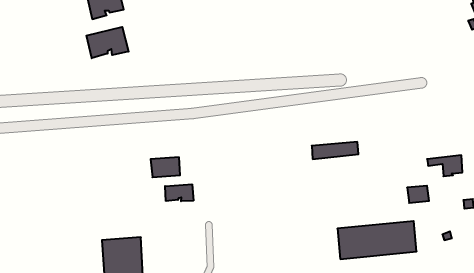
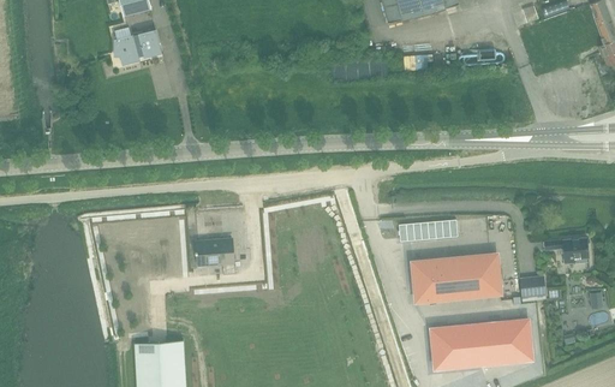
building: [86,27,129,58] -> none
building: none -> [412,254,501,300]
building: [165,184,193,201] -> none

